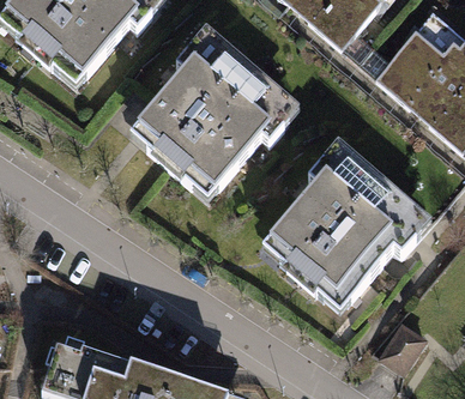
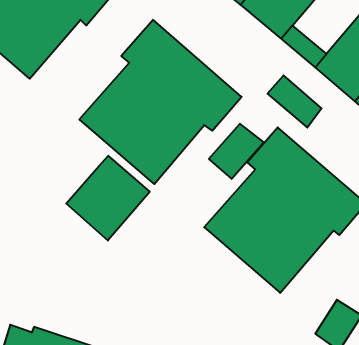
building: none -> [268,75,322,128]
building: none -> [209,124,264,179]
building: none -> [66,156,150,241]

